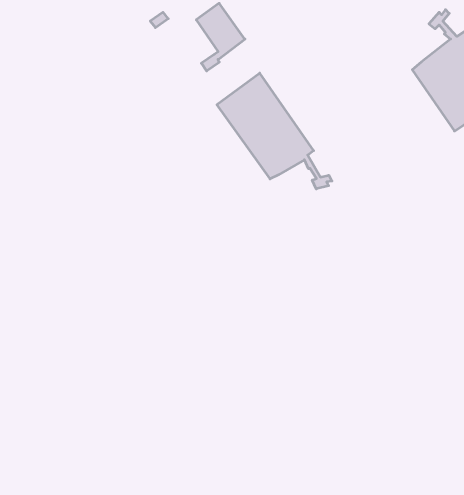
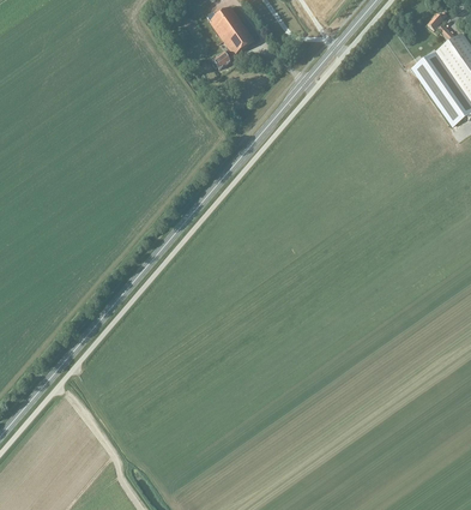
building: [217,73,332,189] -> none

